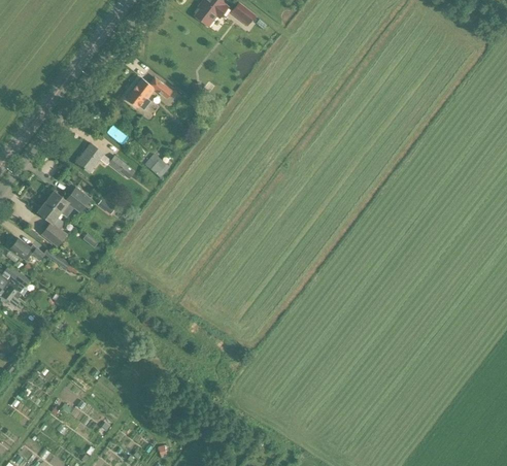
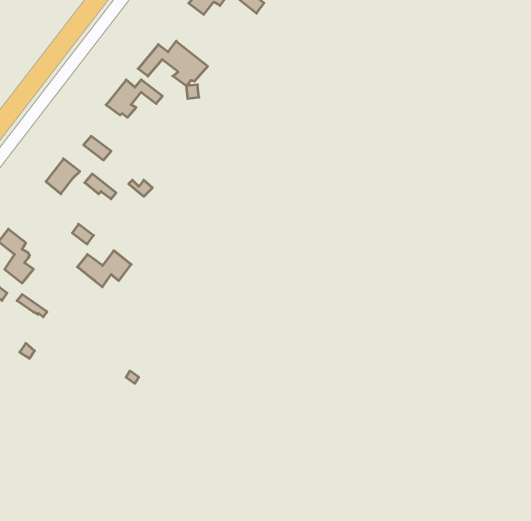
building: none -> [138,41,208,86]
building: [45,188,90,218] -> [77,251,131,287]

